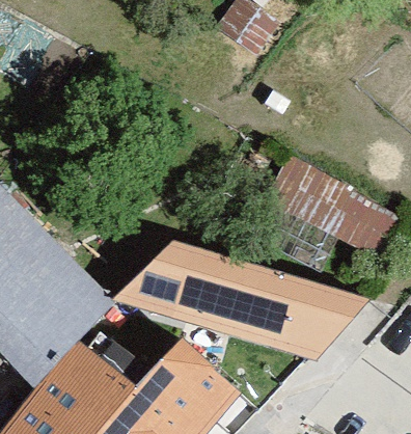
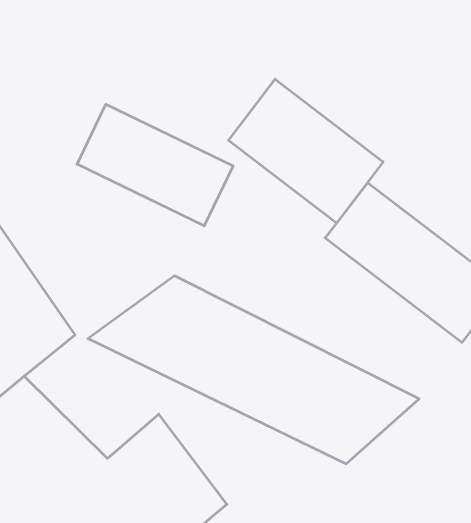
building: none -> [229,79,383,223]
building: none -> [77,104,233,226]

